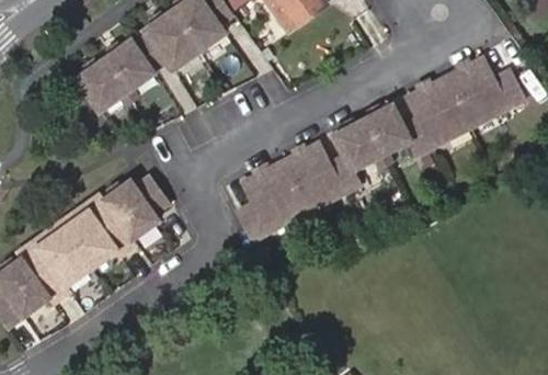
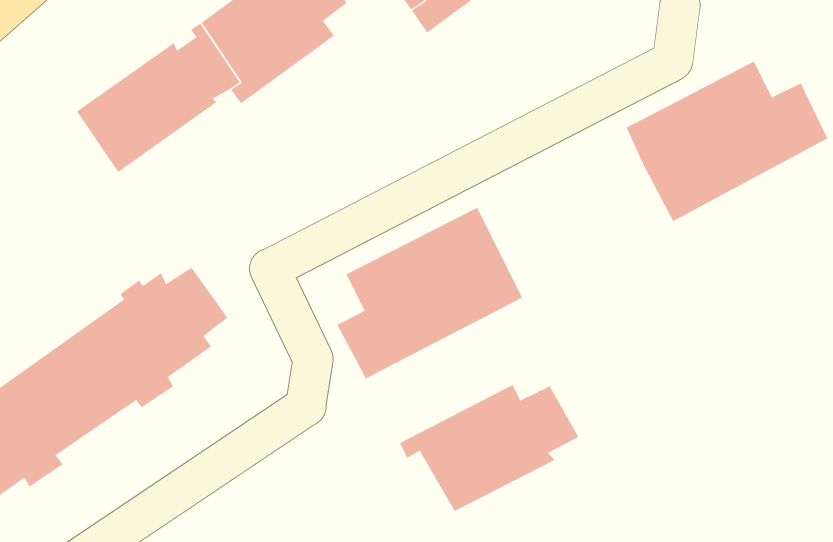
building: [327,99,435,194] -> none
building: none -> [399,384,579,512]

